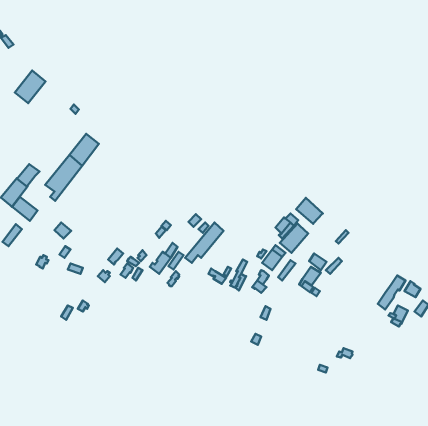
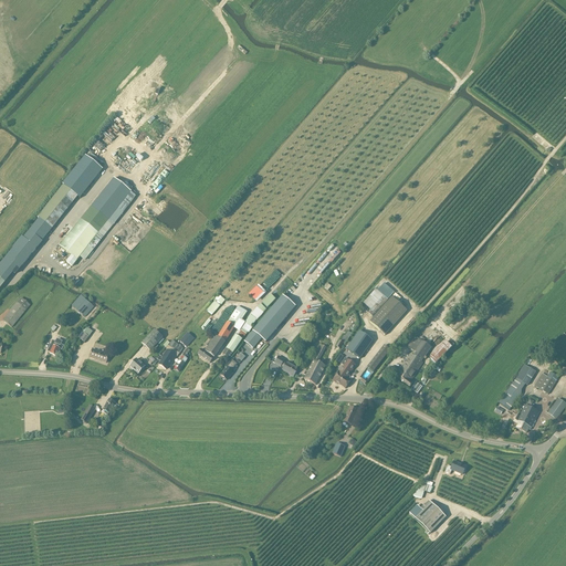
building: [15,71,46,103] -> [62,154,103,197]
building: [12,197,38,221] -> none
building: [296,198,323,224] -> none
building: none -> [416,499,446,532]

